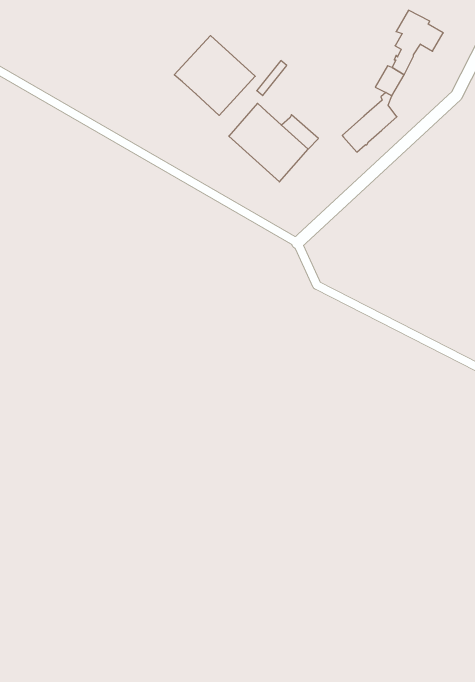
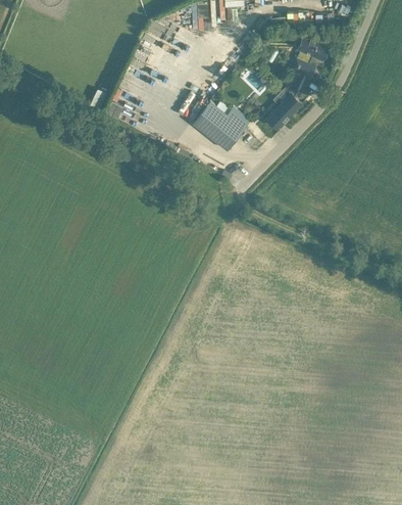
building: [174,36,255,115] -> none

